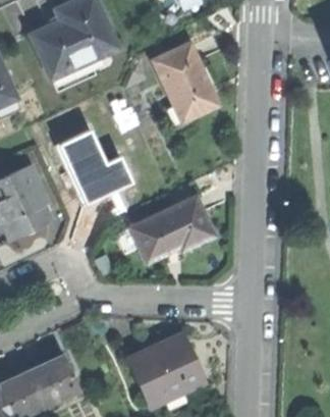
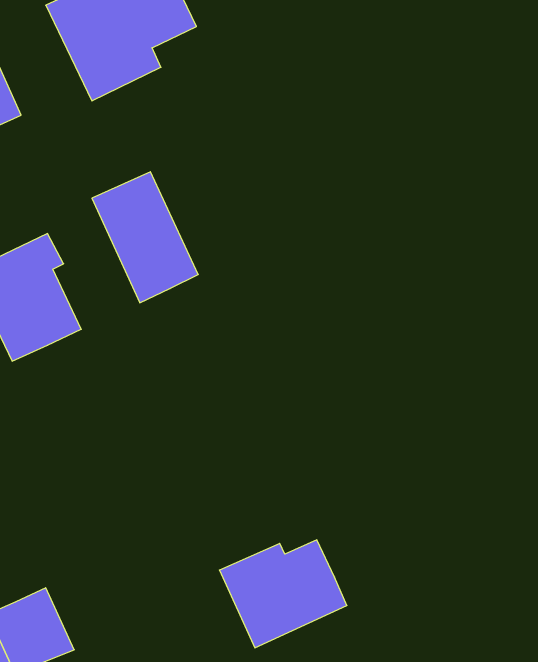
building: [156,40,221,119] -> none
building: [136,197,215,258] -> none
building: [32,354,80,405] -> none

